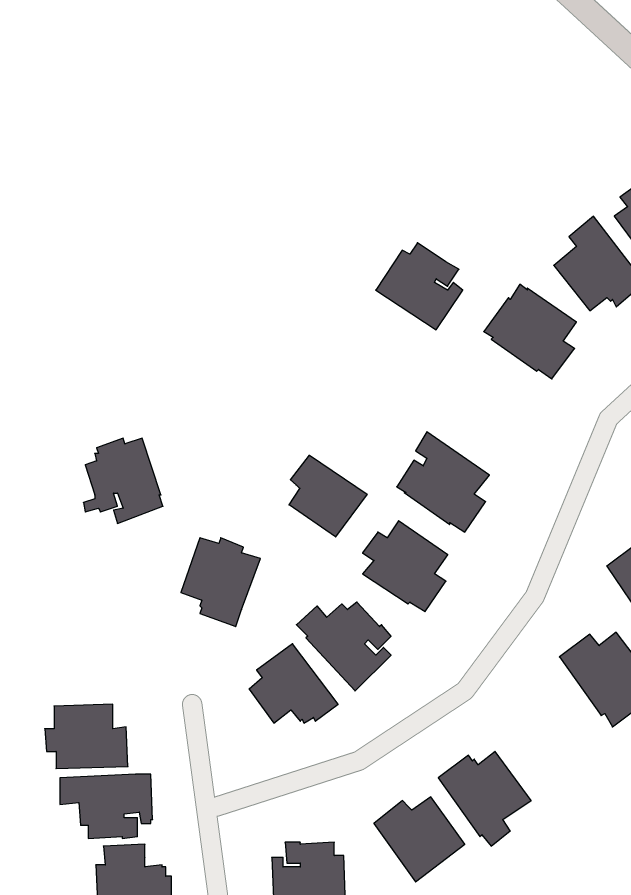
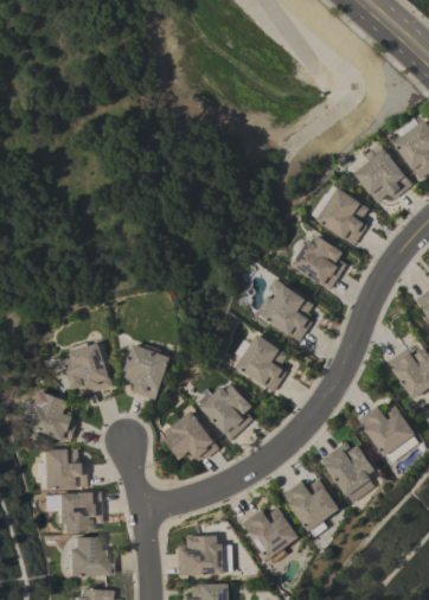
building: [376,243,463,330] -> [292,235,346,289]
building: [83,438,163,523] -> [62,343,111,396]
building: [289,455,367,537] -> none
building: none -> [26,392,76,443]
building: none -> [320,441,376,503]

